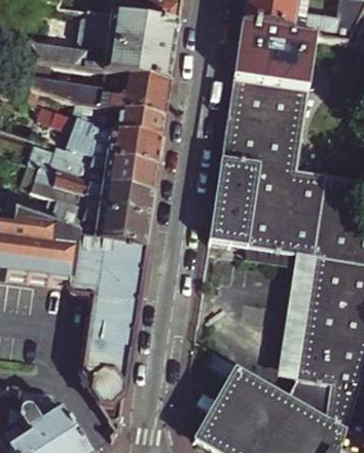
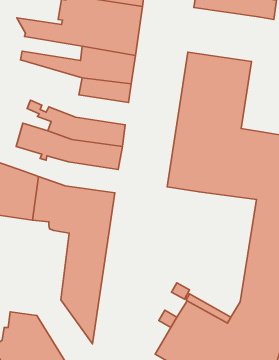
building: [233,23,318,87] -> none
building: [50,107,162,163] -> none
building: [37,200,150,244] -> none
building: [245,243,316,375] -> none

